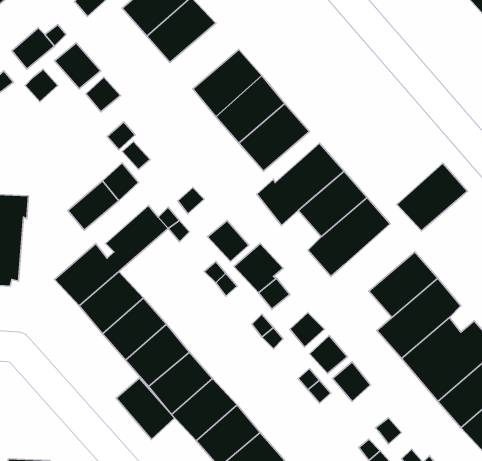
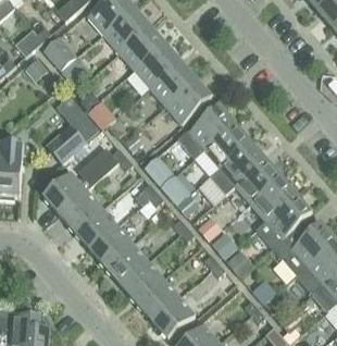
building: none -> [118,25,164,69]
building: [397,163,468,231] -> [234,158,280,202]
building: [116,378,175,439] -> none

